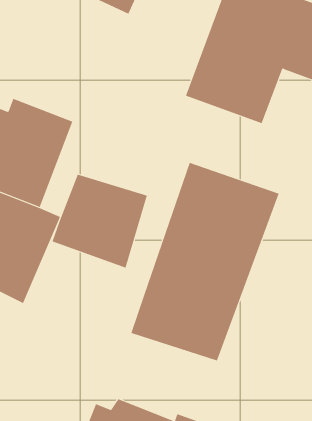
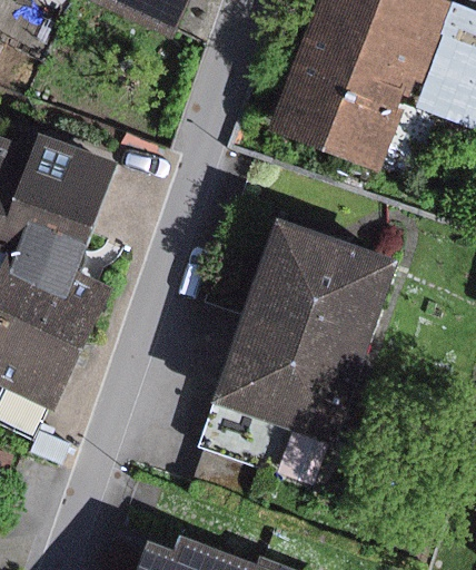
building: [52,174,148,268] -> none

